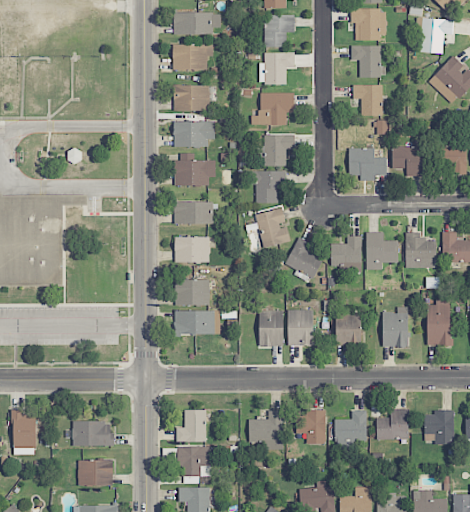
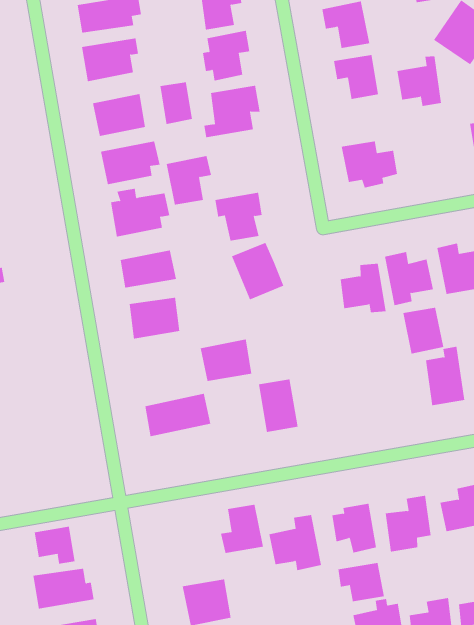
building: none -> [160,81,193,125]
building: [263,134,295,166] -> [166,155,212,205]
building: [392,140,422,176] -> [396,56,442,107]
building: [286,237,322,278] -> none
building: [174,279,209,305] -> [200,339,252,381]
building: [287,310,313,346] -> none
building: [335,314,361,345] -> [402,307,444,354]
building: none -> [34,526,75,565]
building: [176,410,206,442] -> [220,504,264,553]
building: none -> [338,562,385,602]

